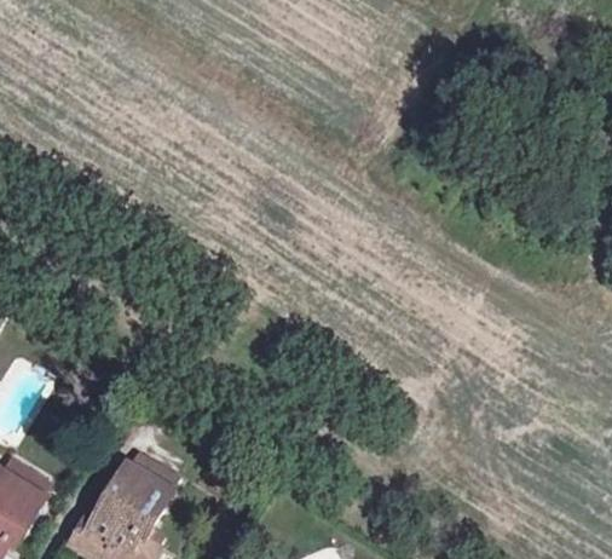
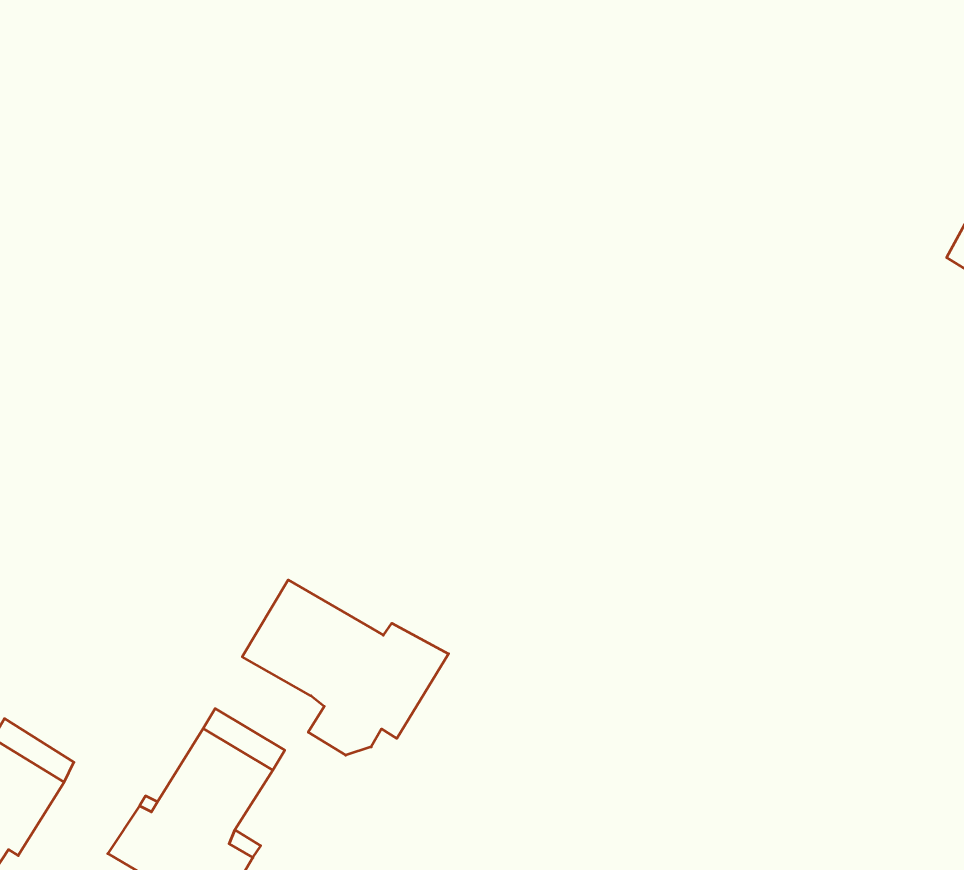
building: none -> [242,580,449,755]

